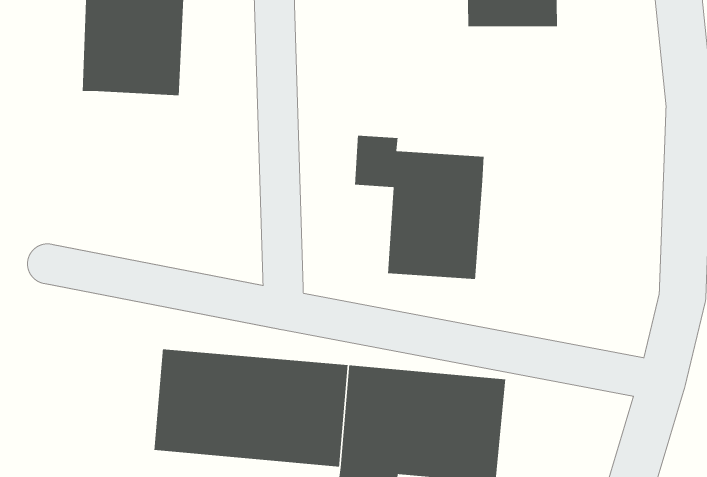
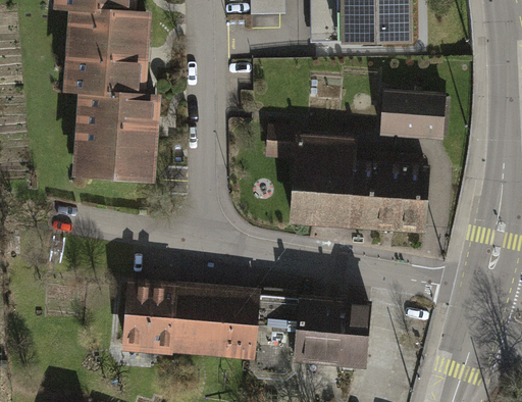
building: none -> [379,89,447,144]
building: none -> [77,93,152,181]
building: none -> [351,150,429,232]

